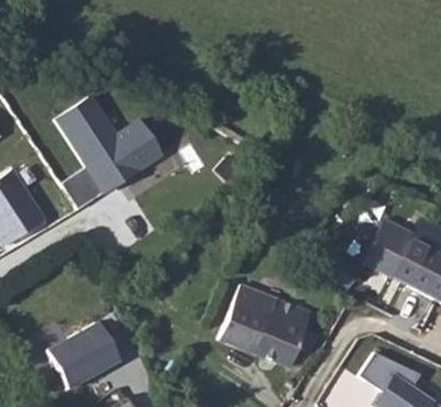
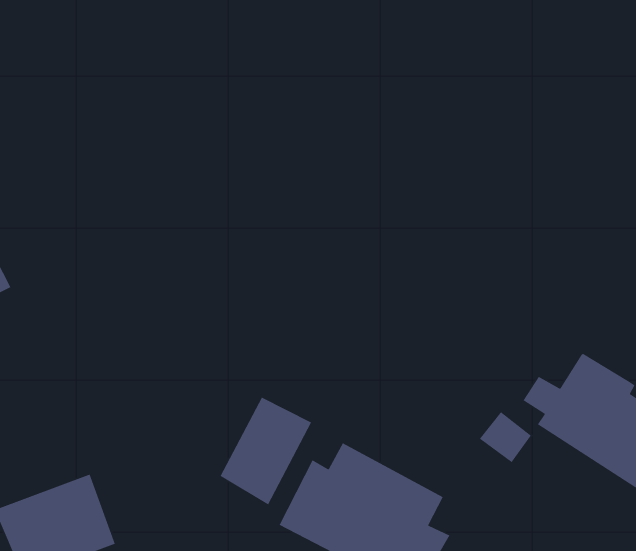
building: [58,94,163,206] -> none
building: none -> [220,396,312,505]

